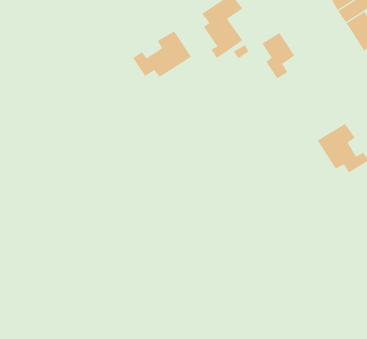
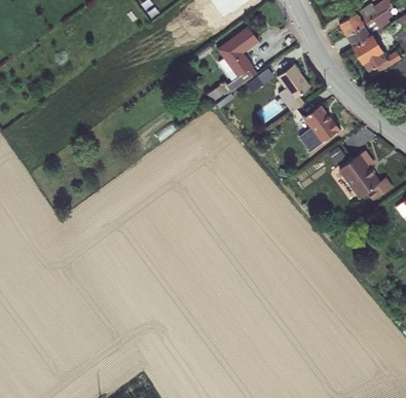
building: [132,31,192,78] -> none
building: none -> [300,97,338,141]

